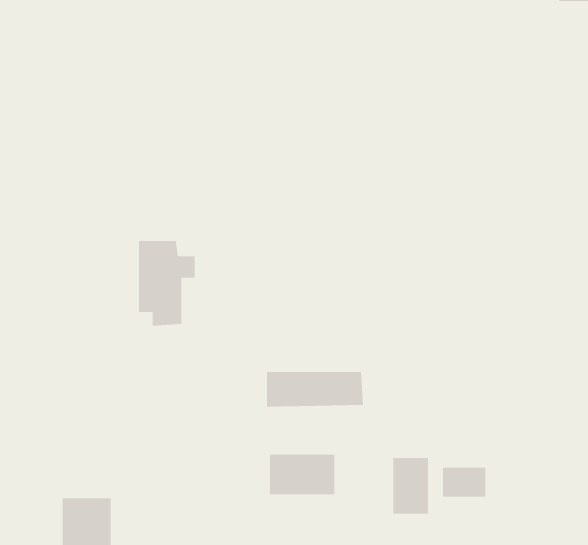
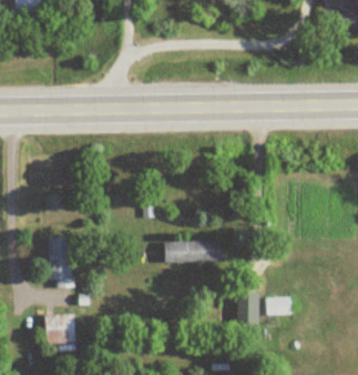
building: [138,240,196,326] -> [49,237,82,287]
building: [269,454,335,495] -> none

